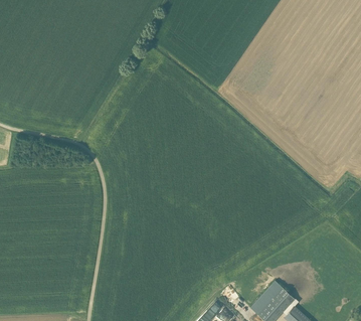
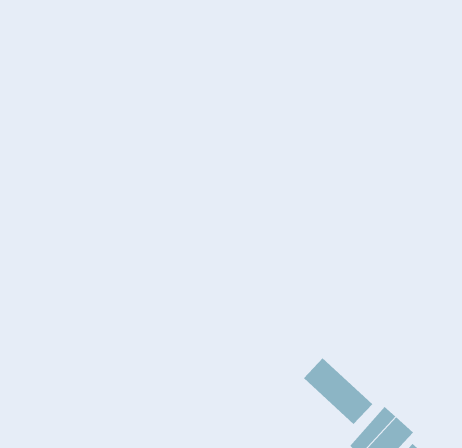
building: none -> [303,357,373,425]

